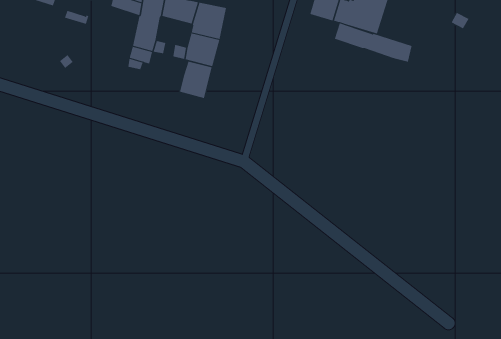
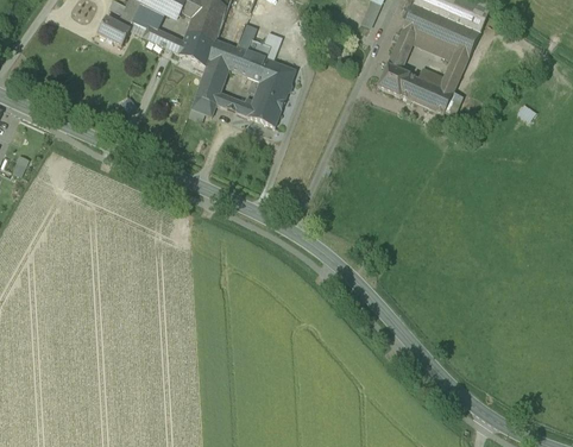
building: [334,23,412,63] -> none
building: [180,61,212,99] -> none

